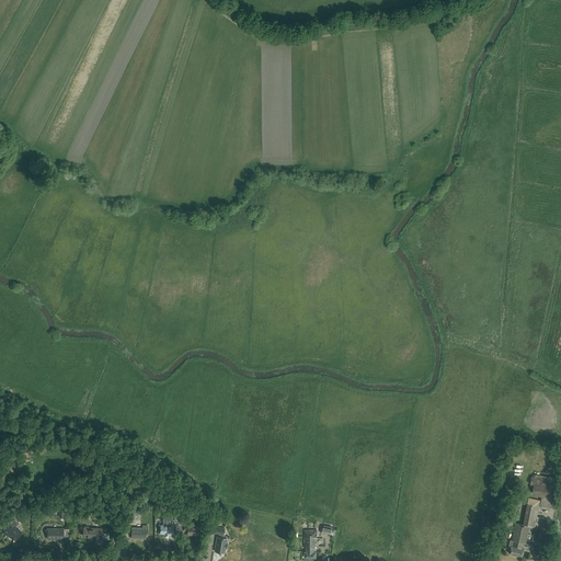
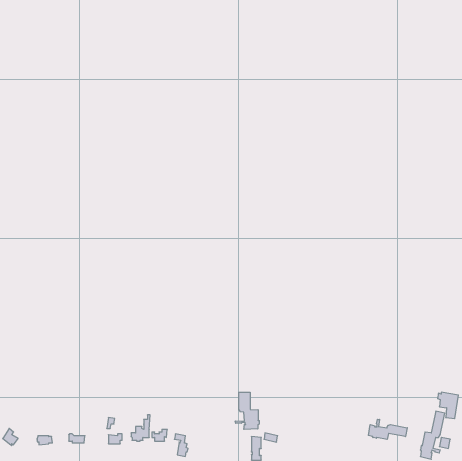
building: none -> [235,392,259,429]
building: none -> [368,419,407,439]

